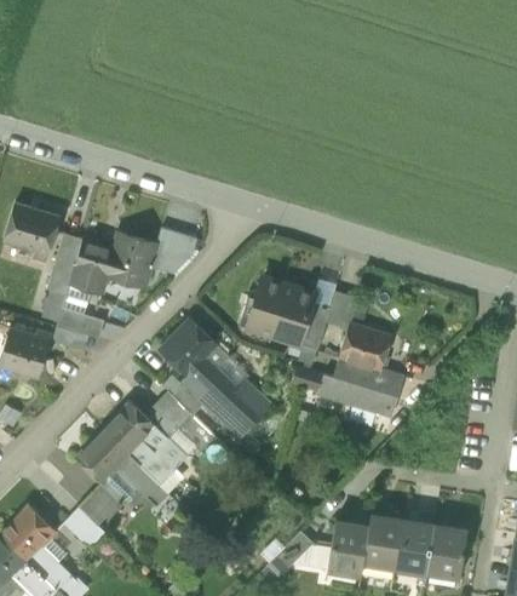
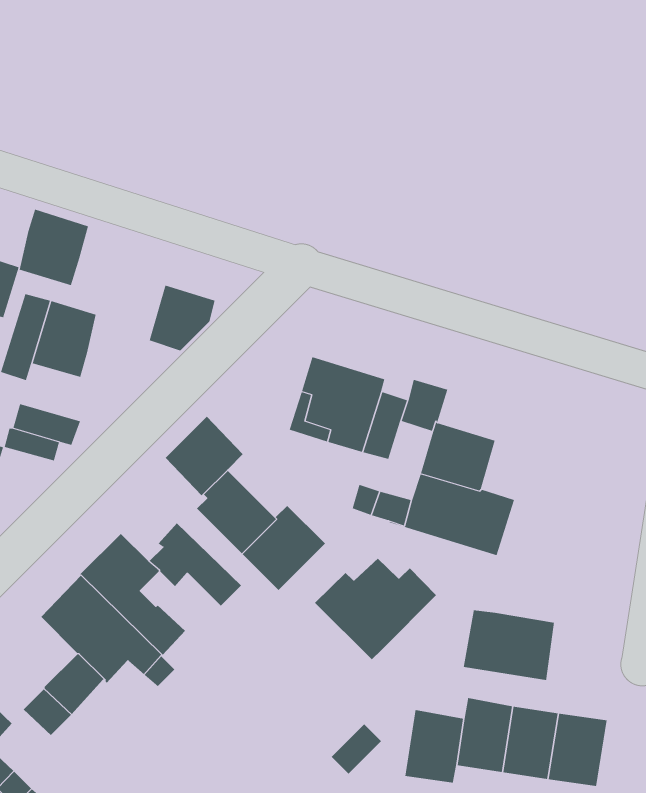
building: [109,234,157,287] -> [19,209,89,286]
building: none -> [314,558,437,660]
building: none -> [463,610,555,681]

